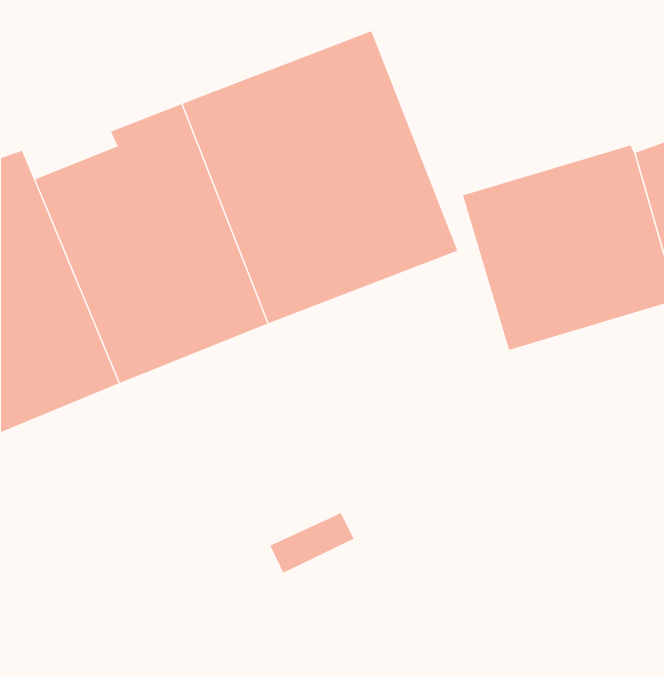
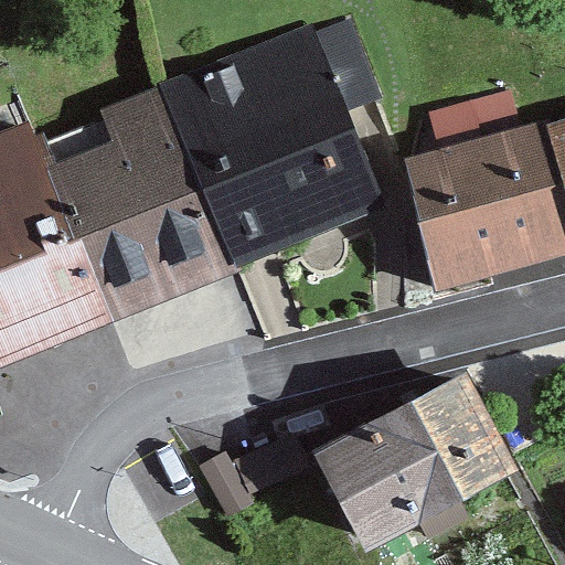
building: none -> [305,370,513,553]

